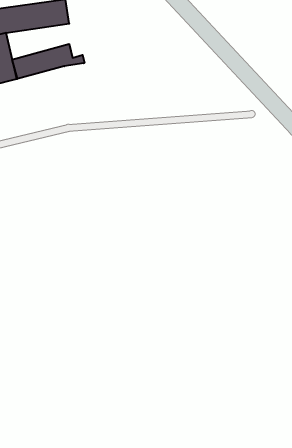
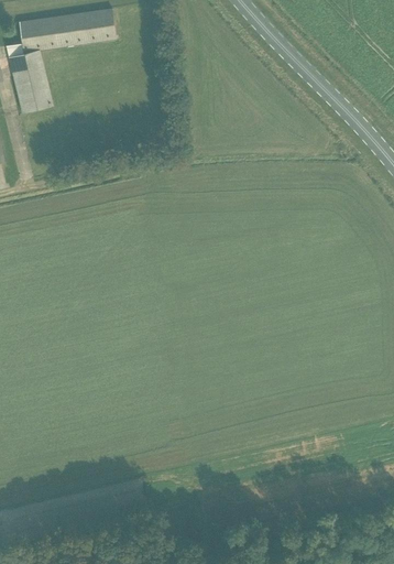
building: [12,44,84,79] -> none

